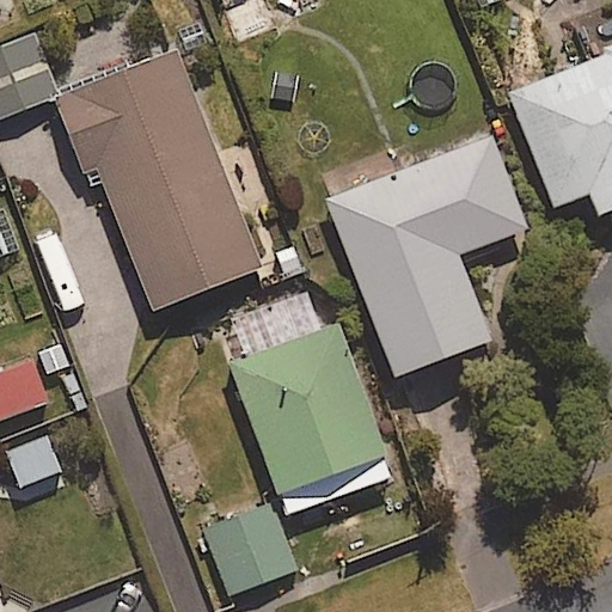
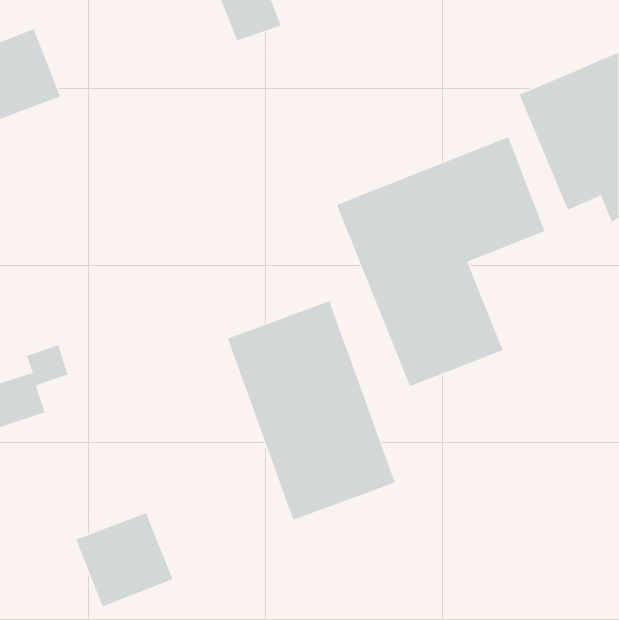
building: [57,53,261,312] -> none
building: [197,502,293,595] -> [75,512,173,608]

